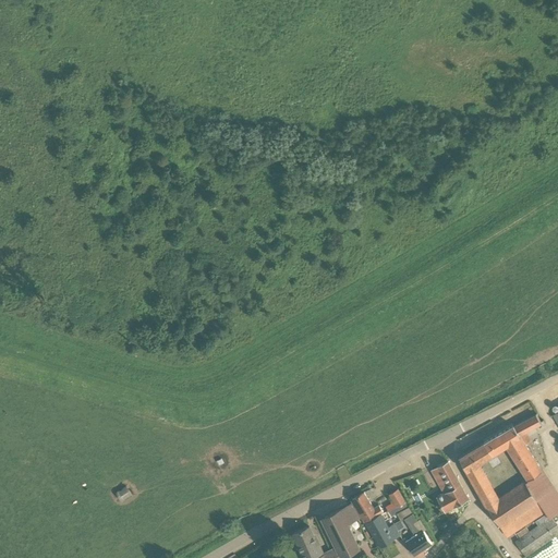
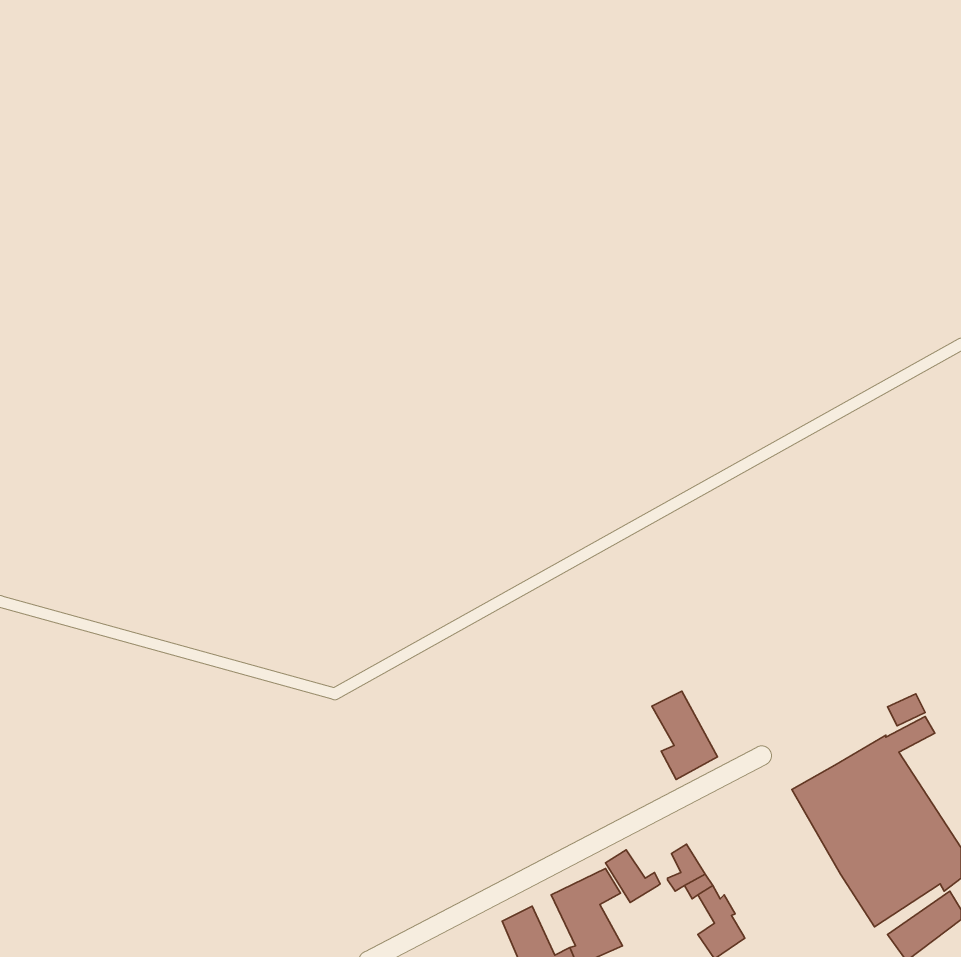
building: [430,463,469,514] -> [652,691,718,780]
building: [365,512,400,549] -> none

